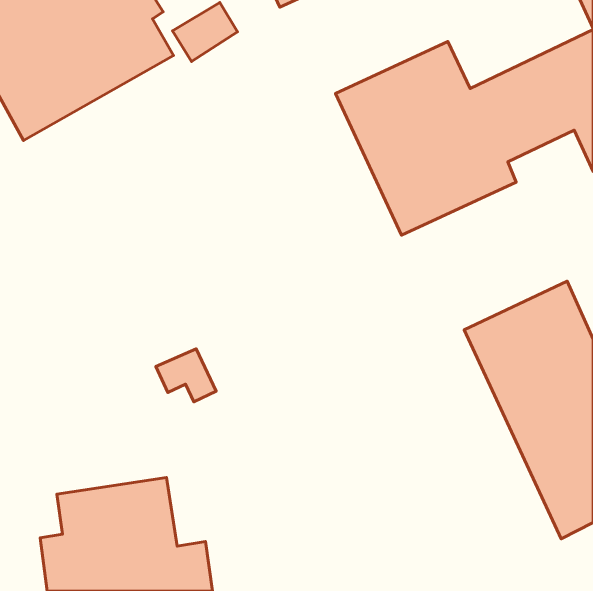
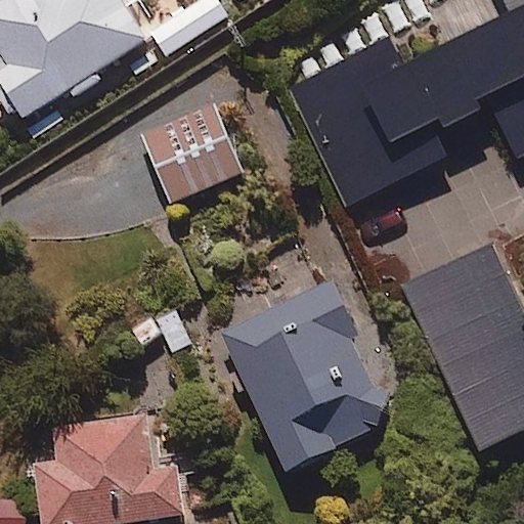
building: none -> [139,98,241,201]
building: none -> [220,277,393,475]

